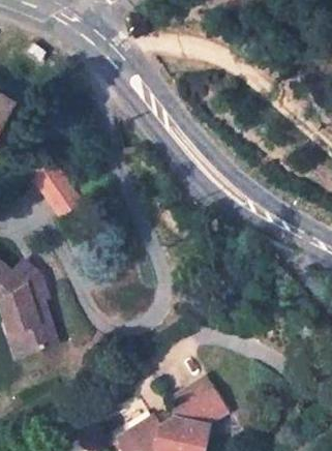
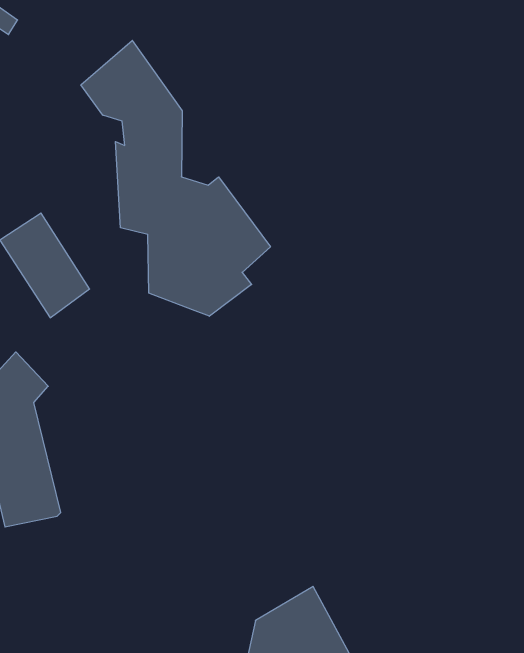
building: none -> [81,40,270,316]

